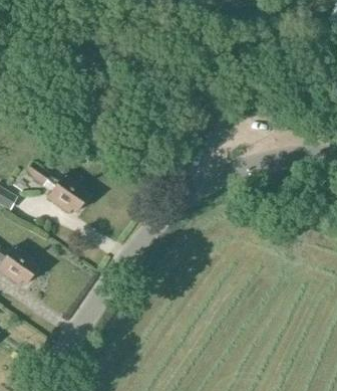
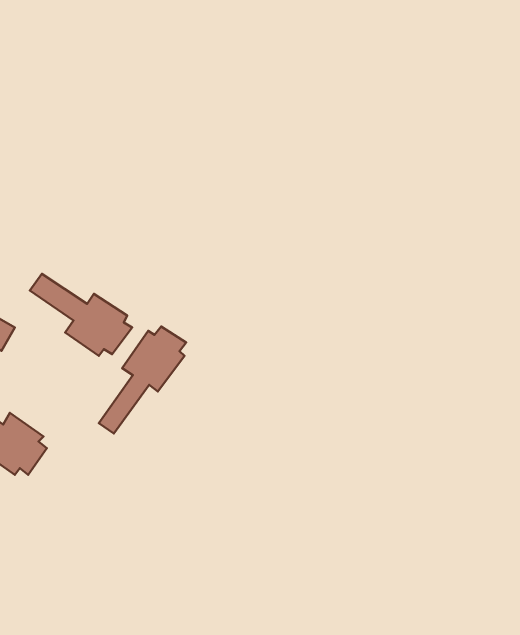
building: none -> [99,326,186,434]

